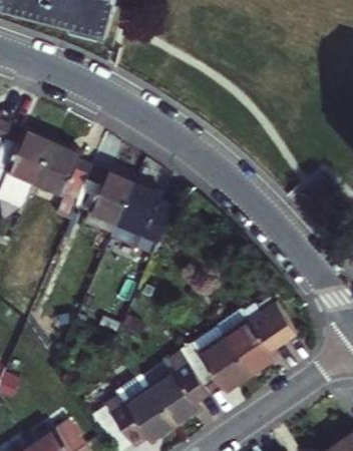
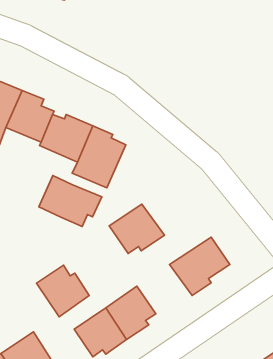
building: none -> [39,176,102,227]
building: [183,341,247,398] -> [109,204,164,253]
building: none -> [36,265,89,317]

